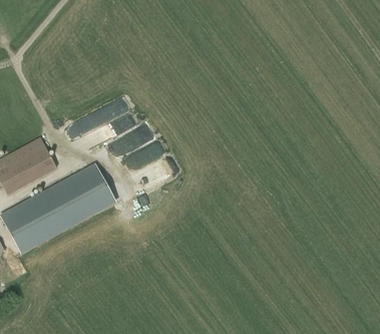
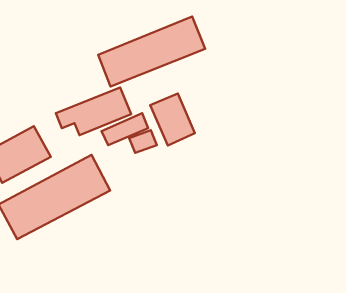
building: none -> [98,17,205,87]
building: none -> [150,93,195,145]

